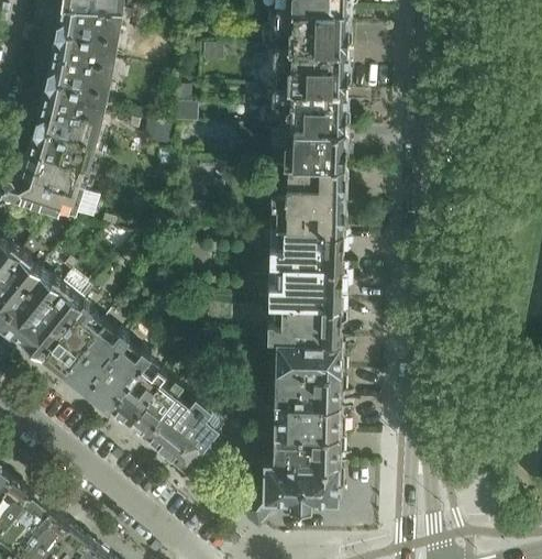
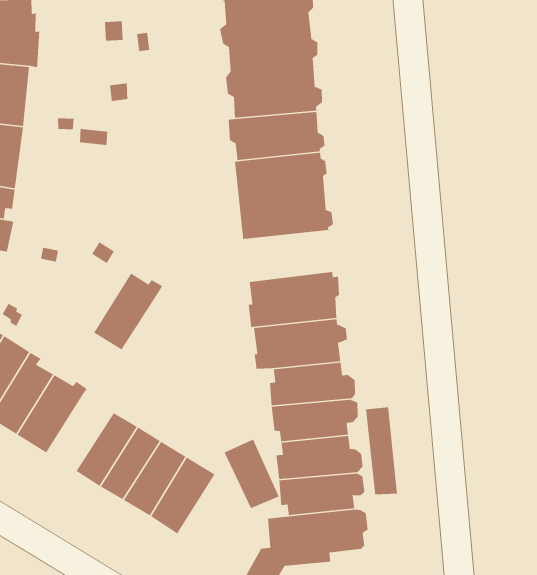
building: [268,233,346,268] -> none
building: [86,344,148,408] -> [93,272,163,351]
building: none -> [365,406,398,495]
building: none -> [223,438,280,509]

